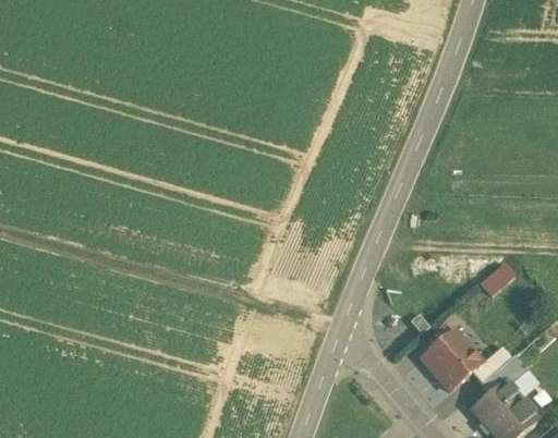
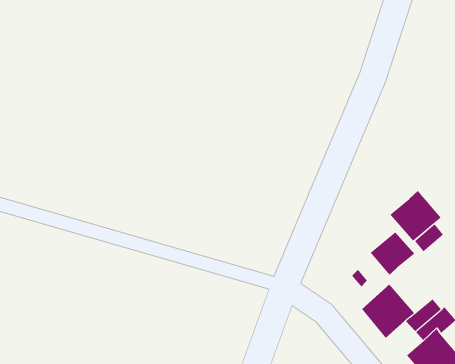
building: none -> [389,190,442,241]
building: none -> [370,231,415,276]

